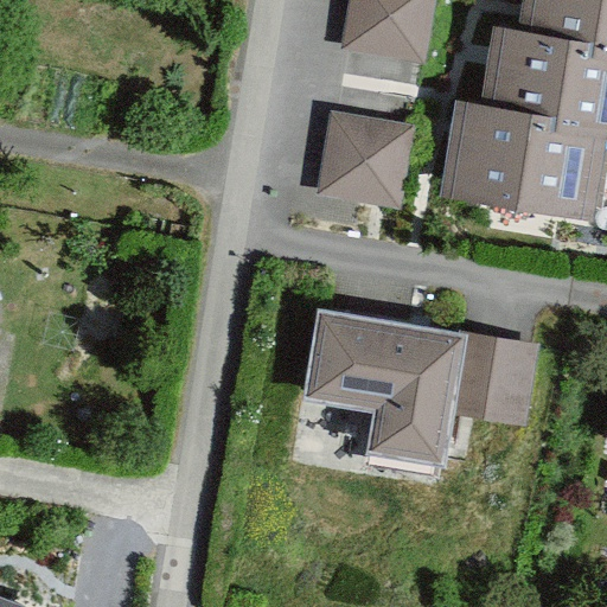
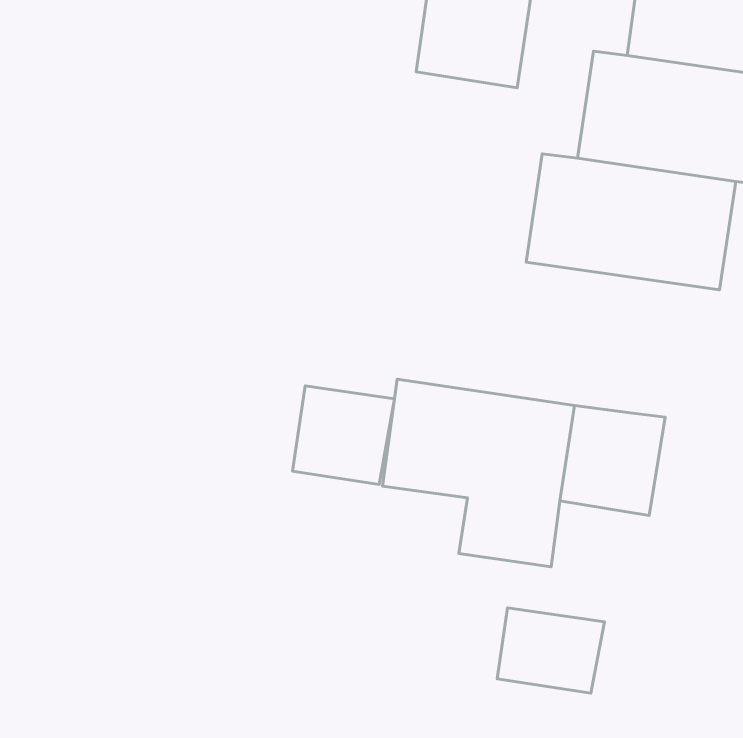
building: [314,116,414,213] -> none
building: none -> [293,386,394,484]
building: none -> [497,608,604,693]

